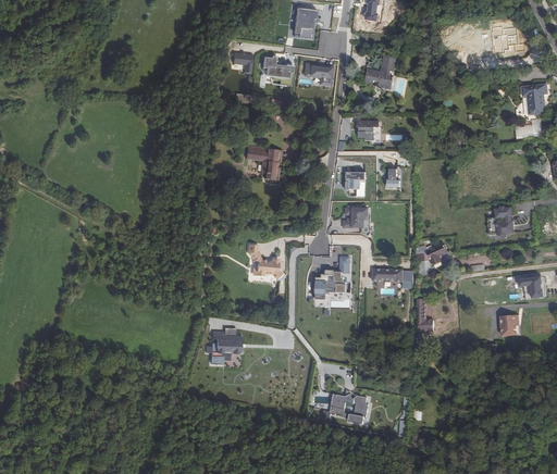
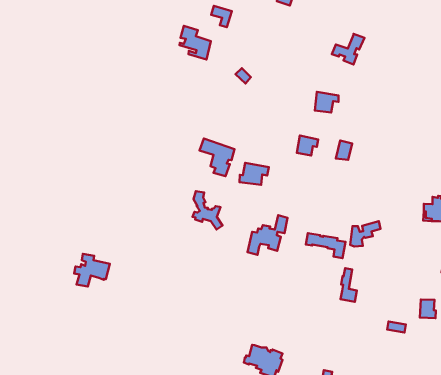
building: [261,54,293,85] -> [179,26,211,59]
building: [304,63,333,86] -> none
building: [245,145,281,179] -> [200,138,235,176]
building: [342,207,370,227] -> [240,163,269,185]
building: [206,330,240,363] -> [74,254,110,287]

